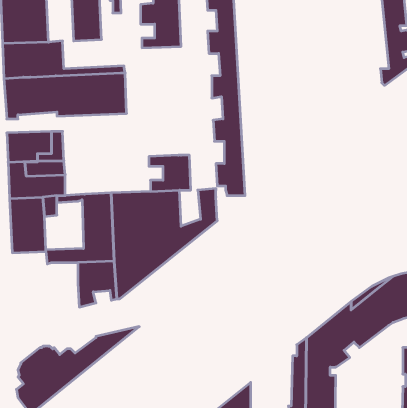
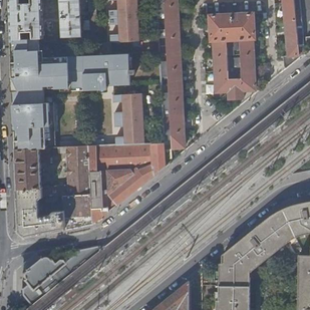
building: none -> [209,13,255,99]
building: none -> [105,58,135,85]
building: none -> [114,93,144,119]
building: none -> [17,188,65,236]

